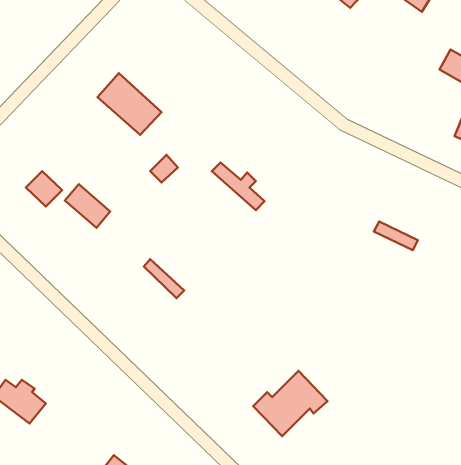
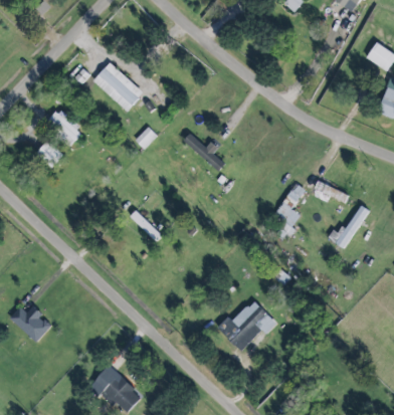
building: [65,184,110,228] -> [47,109,83,144]
building: none -> [272,183,305,240]
building: none -> [328,205,369,248]

